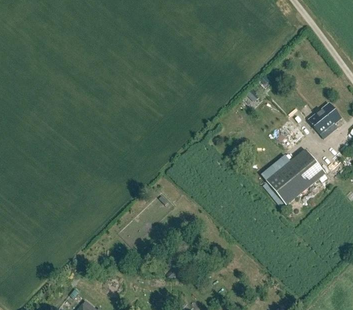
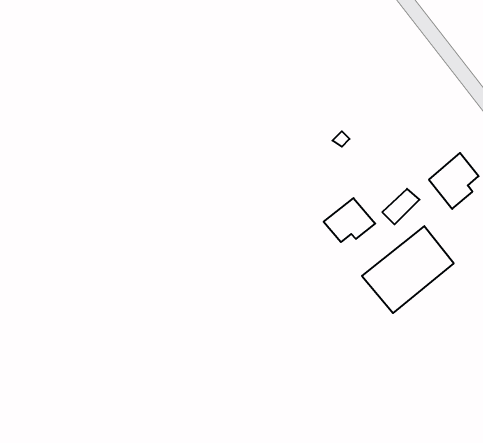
building: none -> [324,198,375,242]

